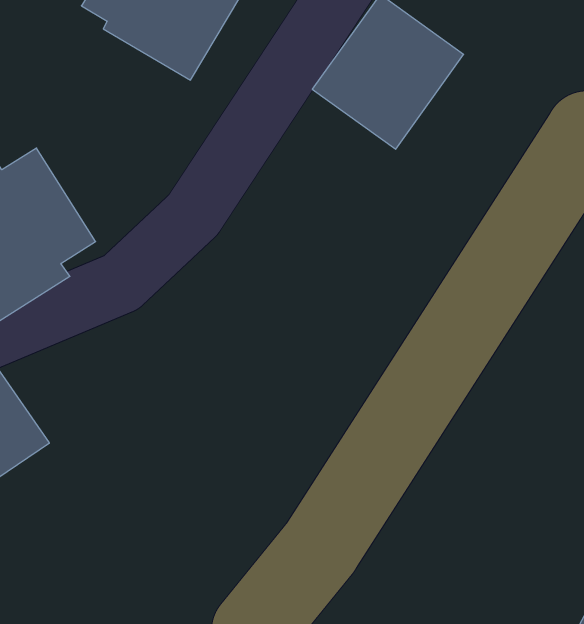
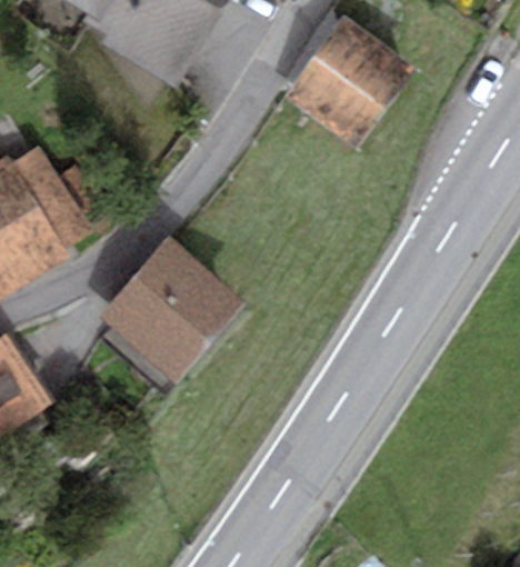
building: none -> [98,233,248,391]

